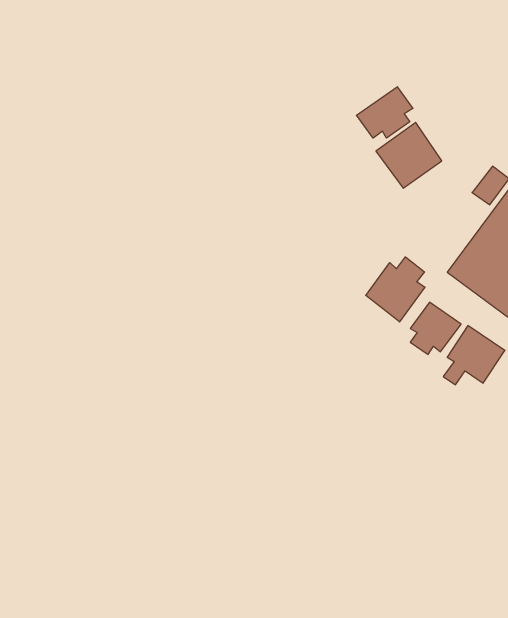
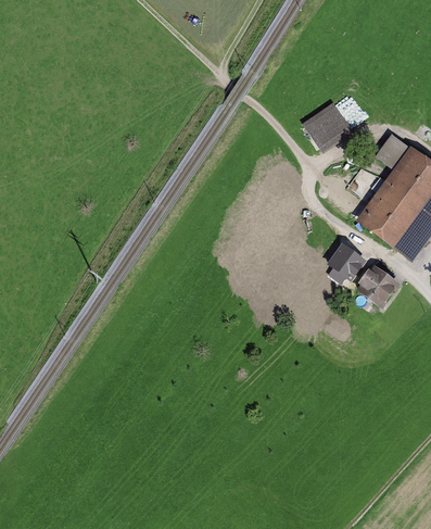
building: [356,87,413,138] -> none
building: [366,257,425,322] -> none

